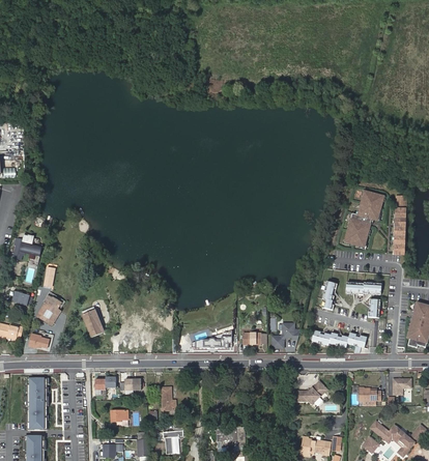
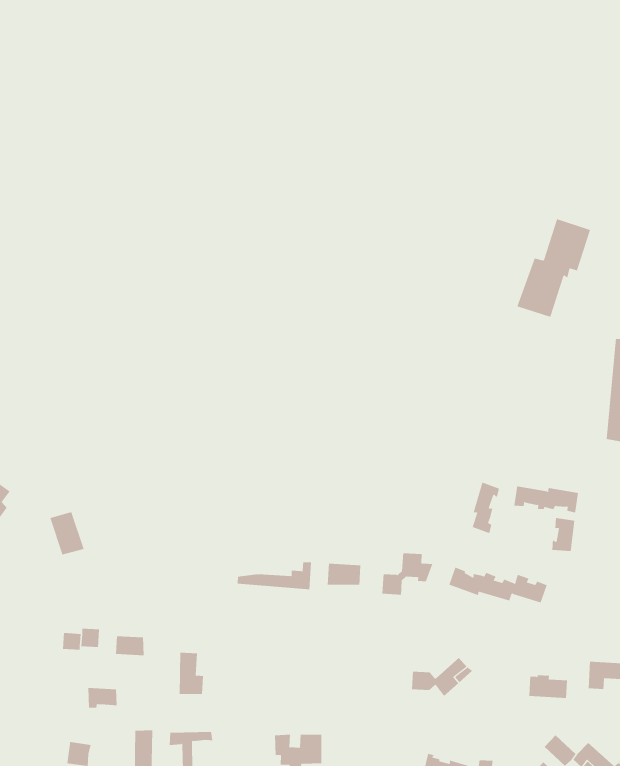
building: [344,191,383,247] -> [517,218,591,318]

